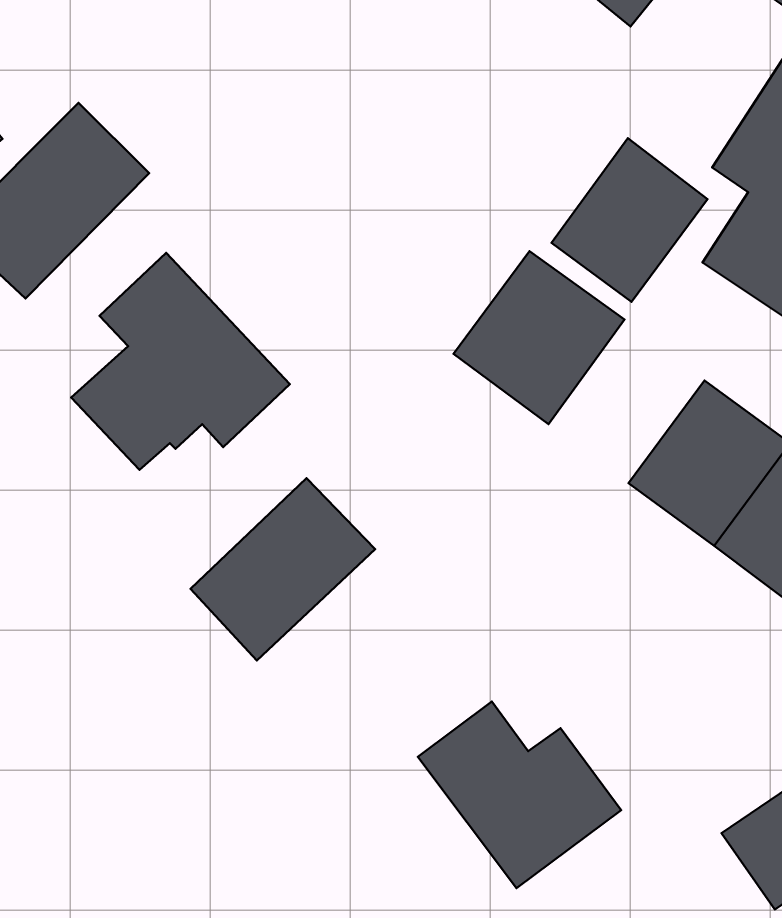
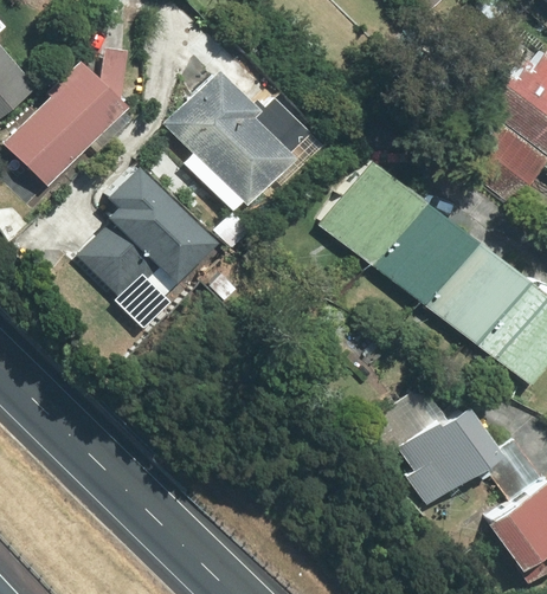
building: none -> [168,71,301,208]
building: [552,138,708,302] -> [377,202,474,304]
building: [190,478,375,661] -> none
building: [418,702,621,888] -> [374,386,501,502]

